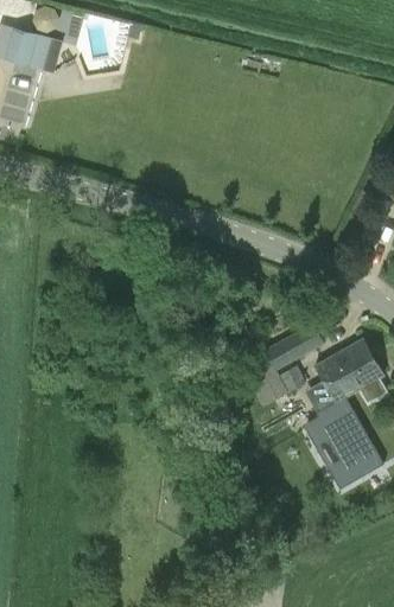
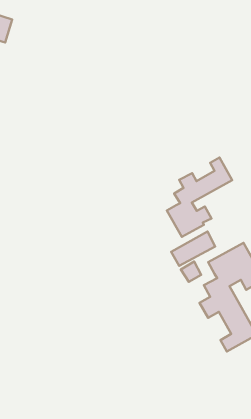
building: none -> [167,157,232,237]

